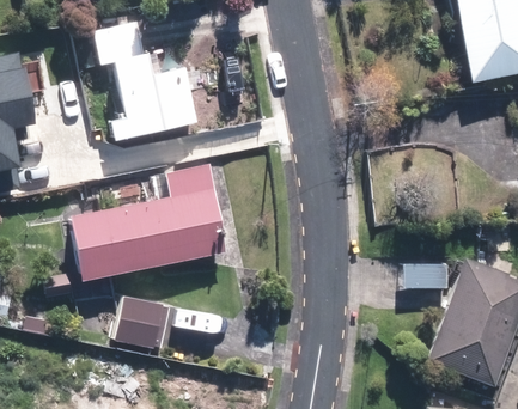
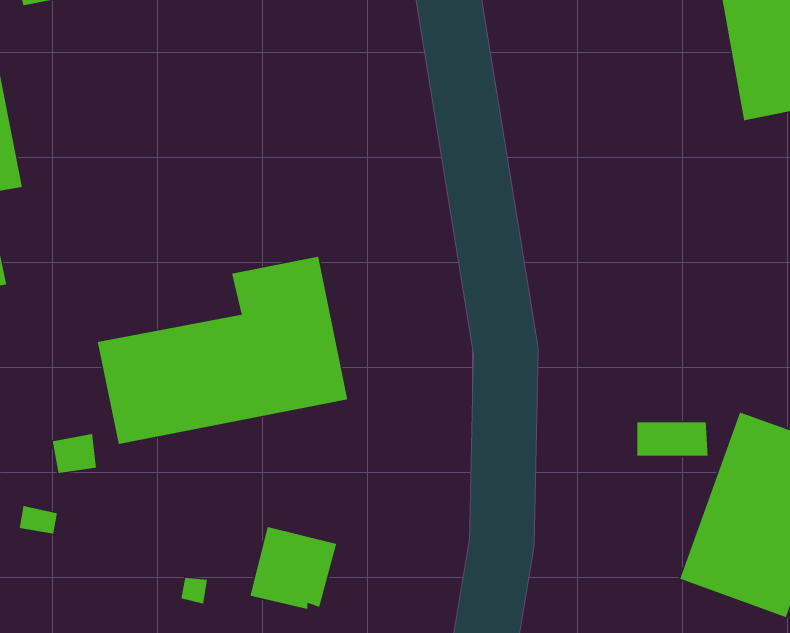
building: [95,22,199,140] -> none
building: [116,297,170,348] -> [250,526,337,610]

